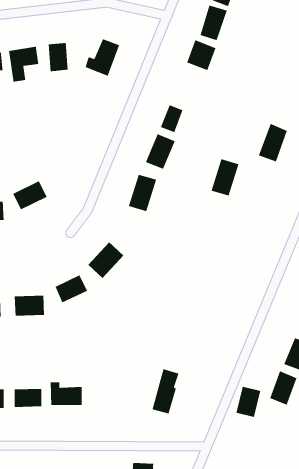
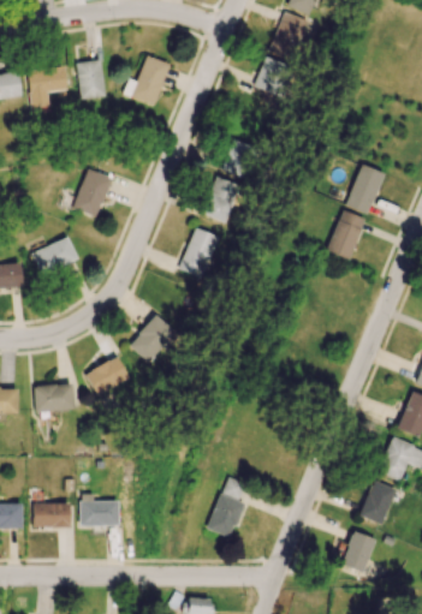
building: none -> [75,169,109,216]
building: [210,158,240,197] -> [327,210,364,260]
building: [236,386,261,418] -> [343,531,375,572]

